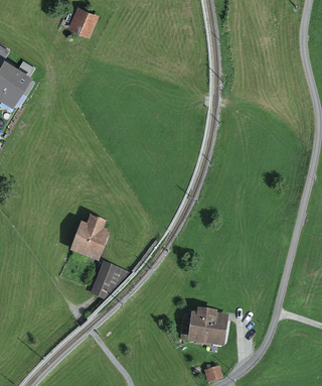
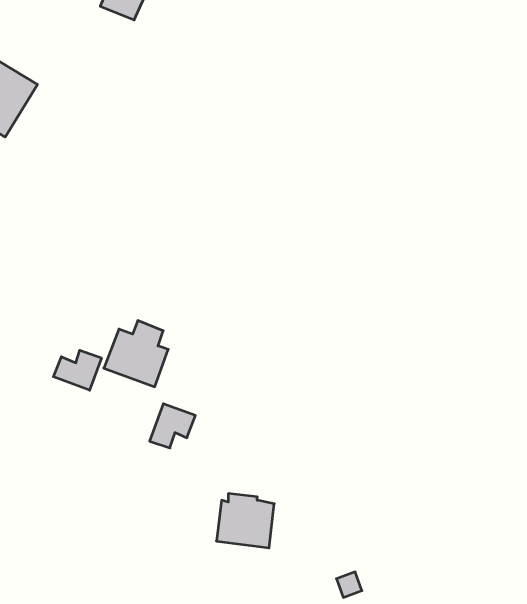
building: none -> [53,350,101,390]
building: [190,312,224,345] -> [216,494,274,548]

